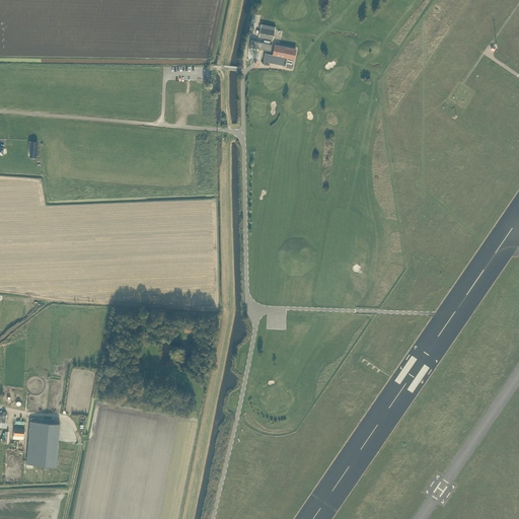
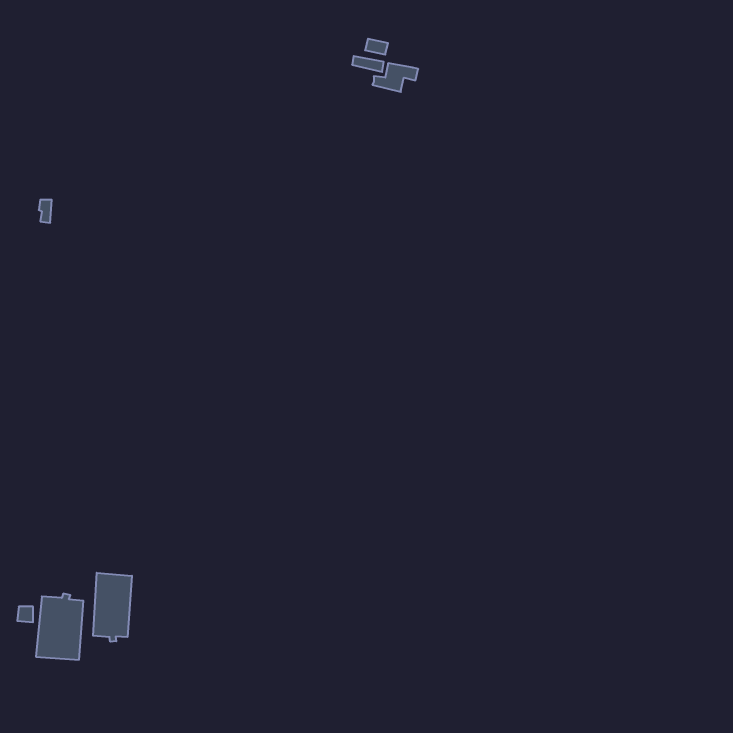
building: none -> [93,573,132,642]

